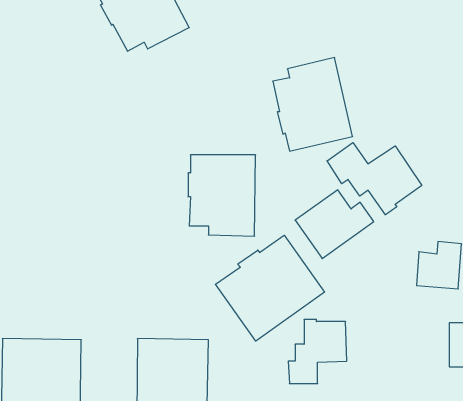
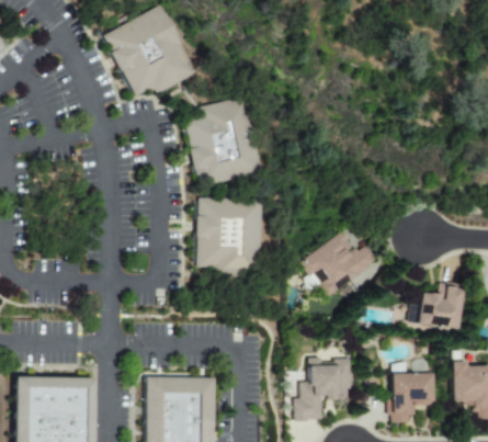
building: [273,58,353,151] -> [184,95,262,186]
building: [327,143,422,215] -> none
building: [215,235,325,341] -> none
building: none -> [390,374,432,422]

